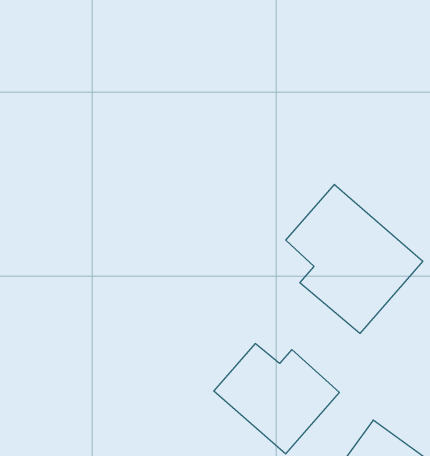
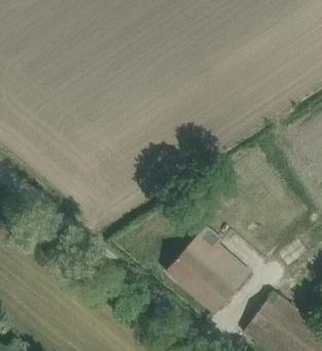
building: [286,184,423,333] -> none

